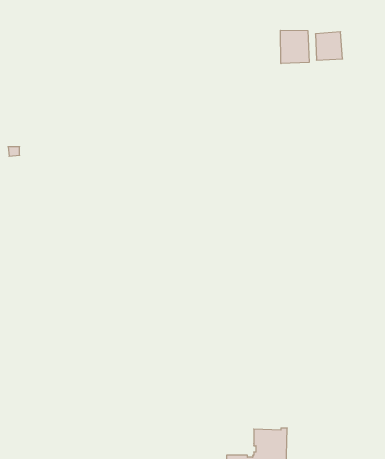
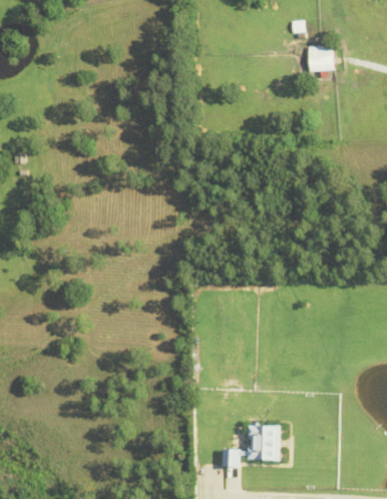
building: [281,30,309,64] -> none

